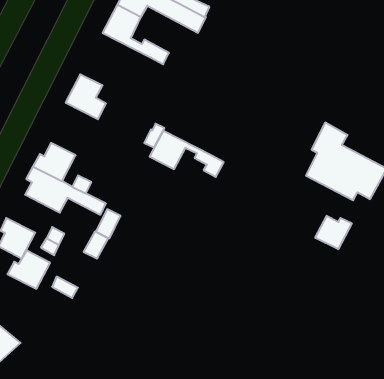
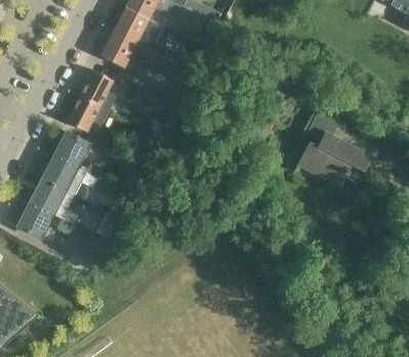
building: none -> [66,94,109,130]
building: [150,131,224,177] -> [100,31,168,73]
building: [315,216,352,249] -> none
building: [7,251,50,289] -> [25,178,64,213]

